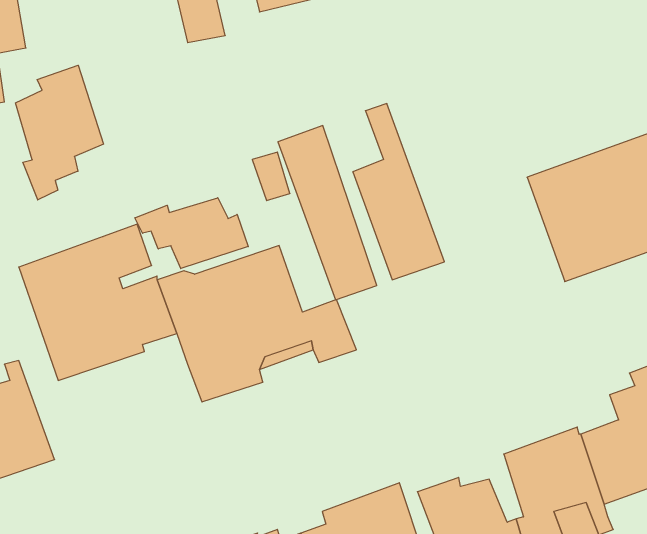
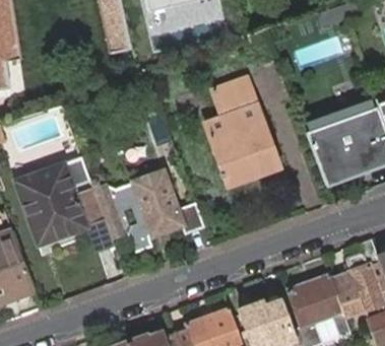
building: [15,65,104,200] -> none
building: [278,126,377,300] -> [223,80,279,179]
building: [135,198,248,269] -> none

